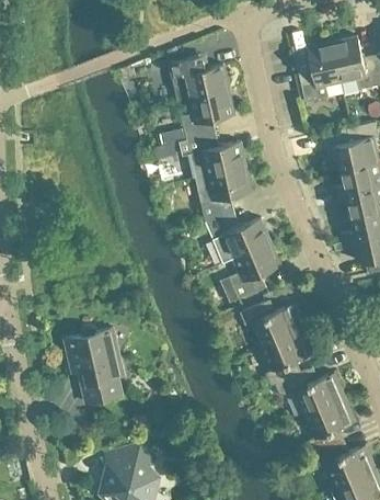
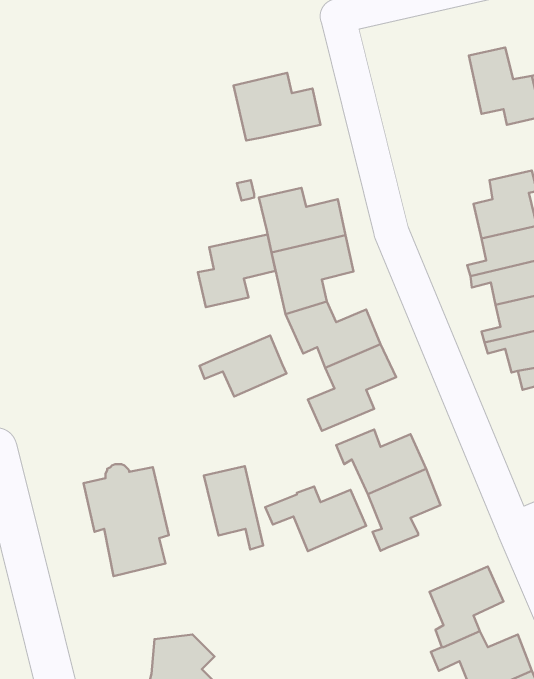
building: [298,43,343,103] -> none
building: [181,91,234,141] -> [198,234,275,307]
building: none -> [200,335,287,397]
building: none -> [204,466,263,550]
building: [275,371,345,416] -> [265,487,366,551]

